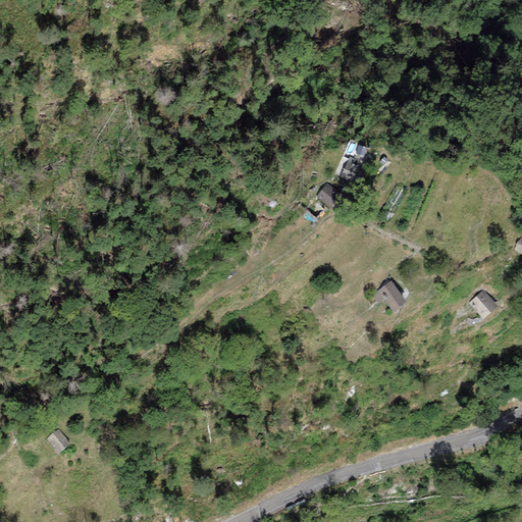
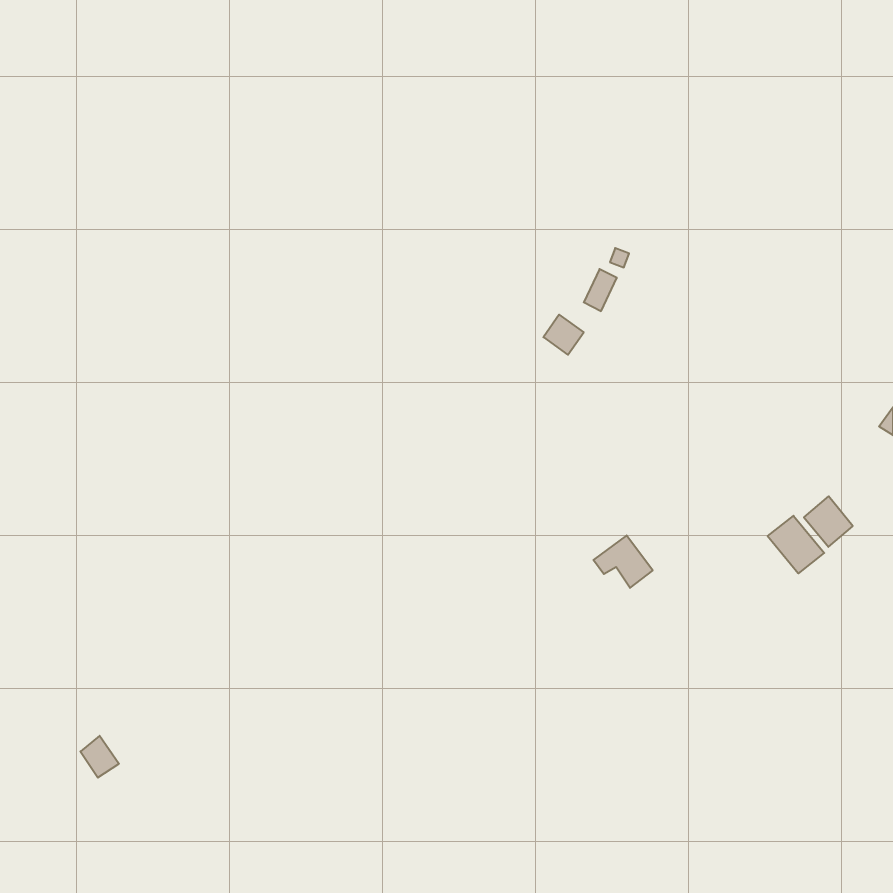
building: [371,281,406,312] -> [593,535,653,588]
building: none -> [768,516,824,573]

